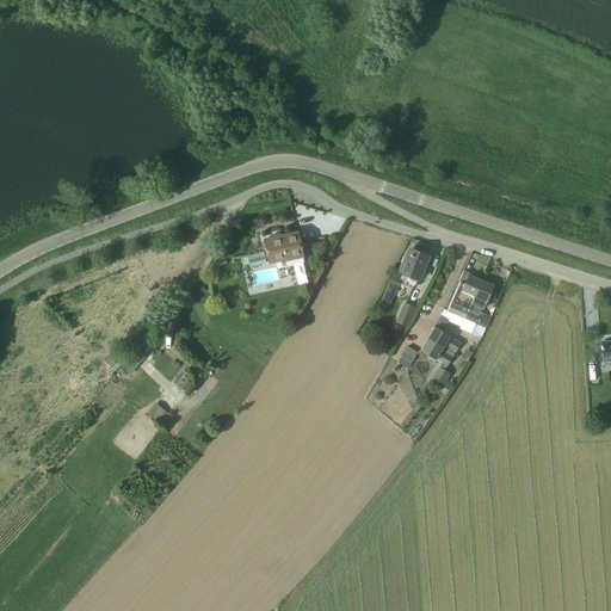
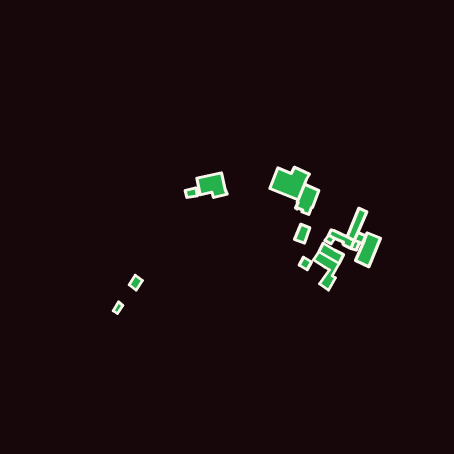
building: none -> [270,167,310,200]
building: [449,272,482,317] -> [356,233,380,267]

